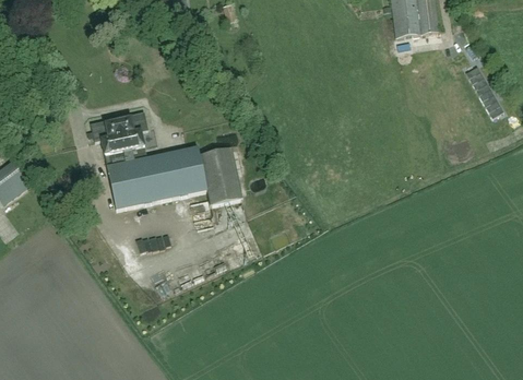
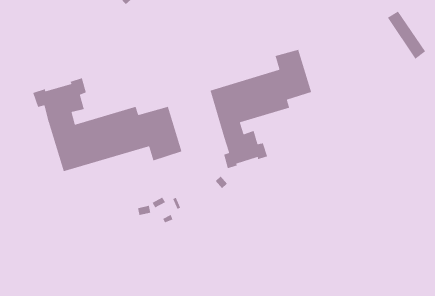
building: none -> [209,49,312,169]

